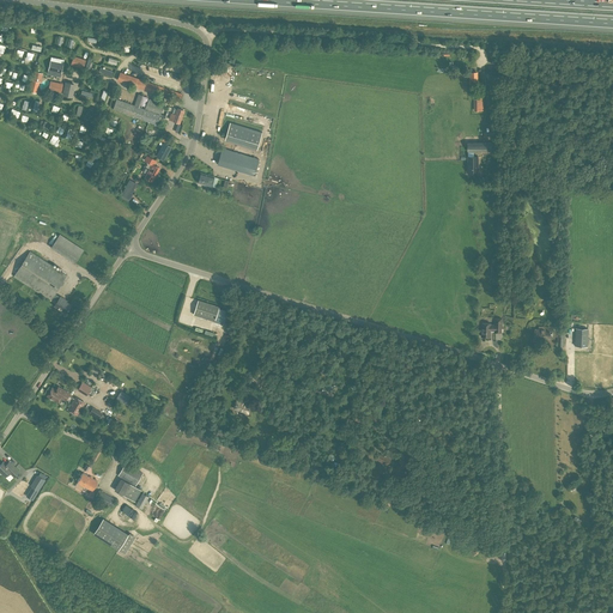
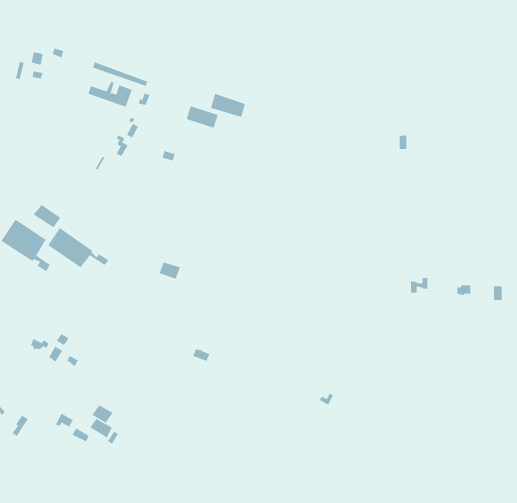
building: [218,147,259,175] -> [210,93,246,117]
building: none -> [47,227,109,268]
building: [93,518,128,550] -> none

